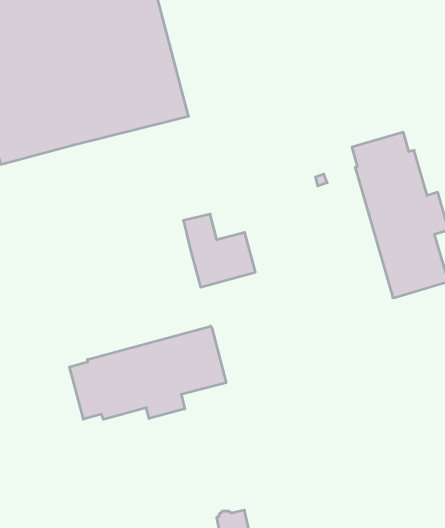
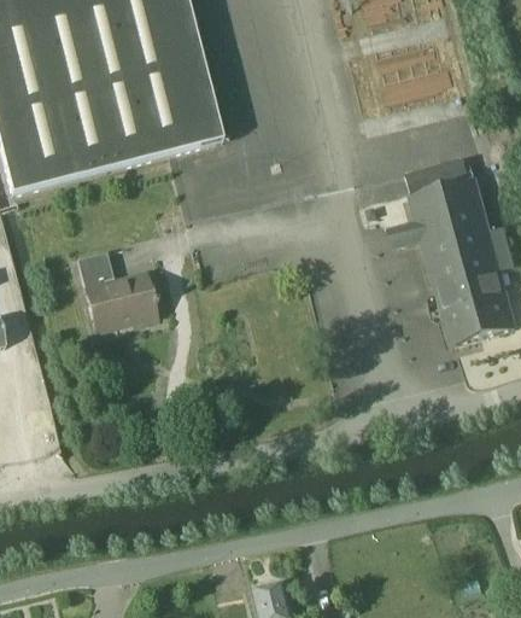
building: [183,214,255,287] -> [77,250,158,332]
building: [69,326,226,419] -> none

